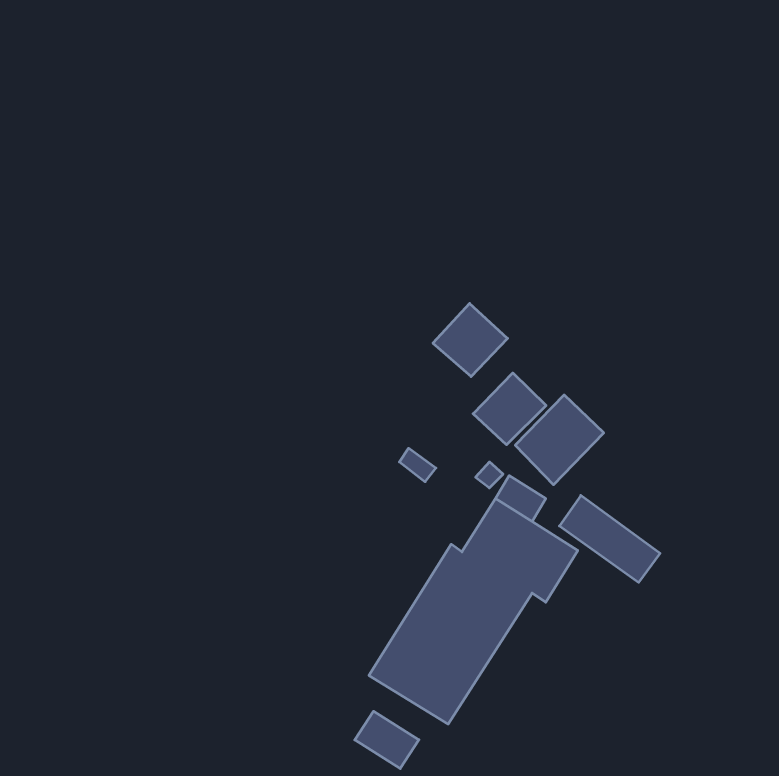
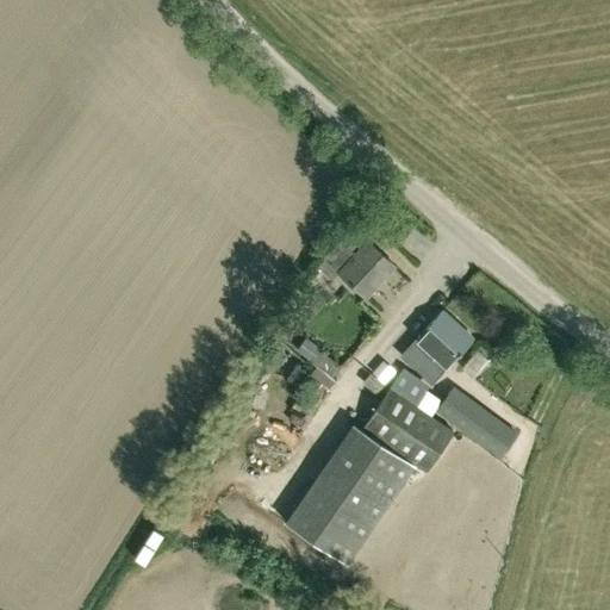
building: [473,373,546,445] -> none
building: [355,711,419,769] -> none

